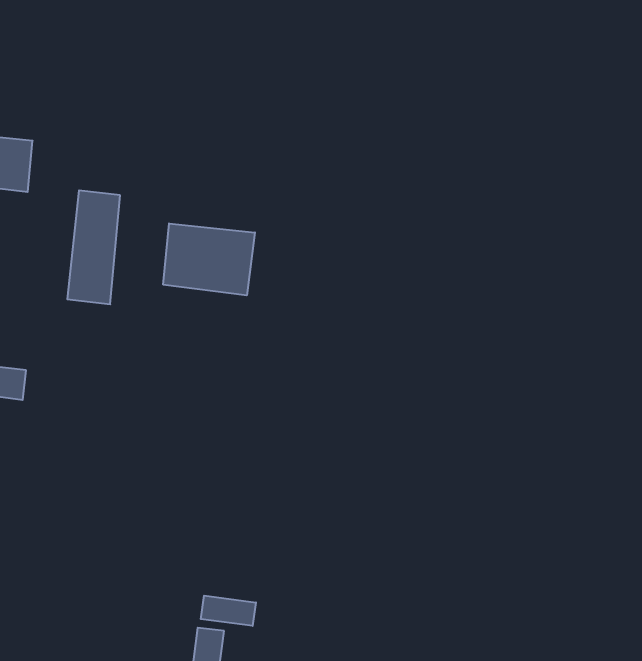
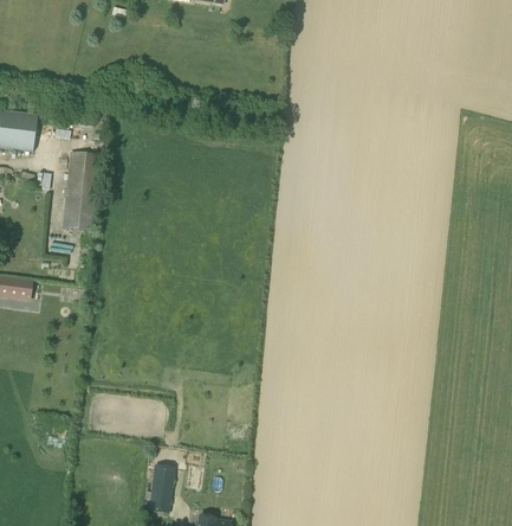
building: [163,223,255,295] -> none
building: [201,596,256,626] -> none

